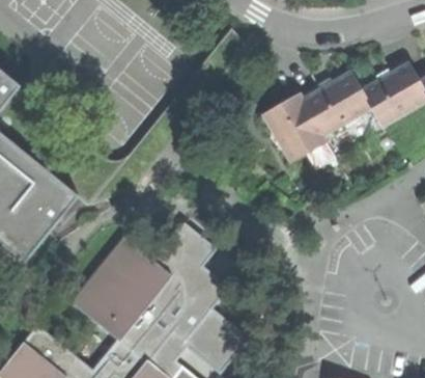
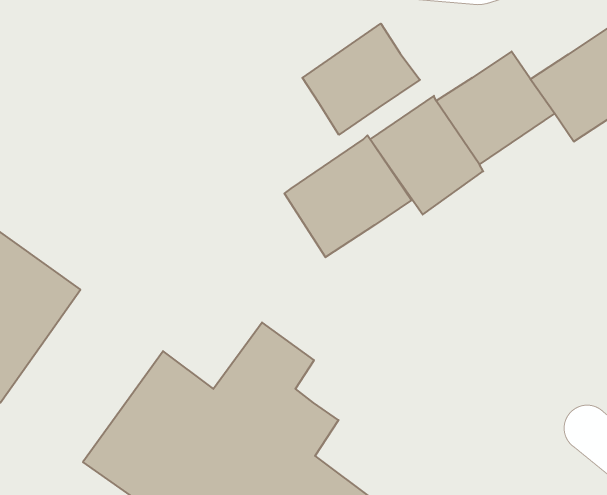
building: none -> [302,24,420,135]
building: none -> [284,135,412,257]

